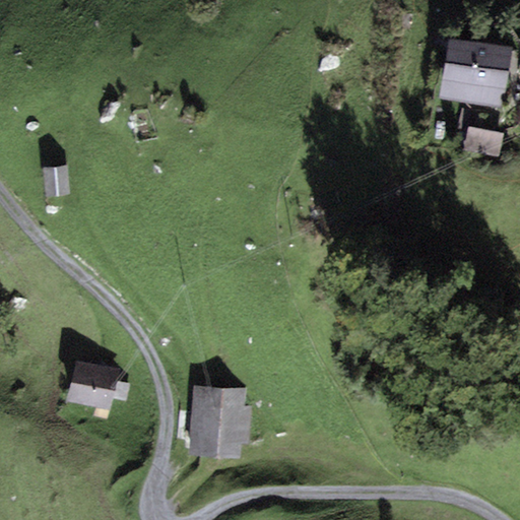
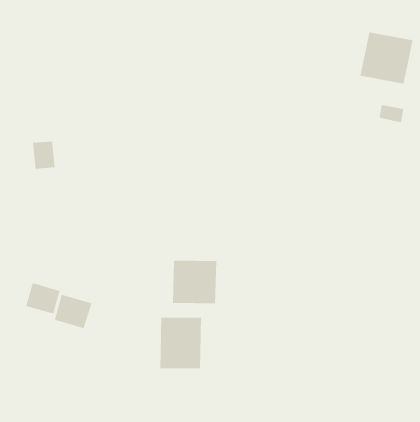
building: none -> [172,260,217,304]
building: none -> [25,282,61,315]

